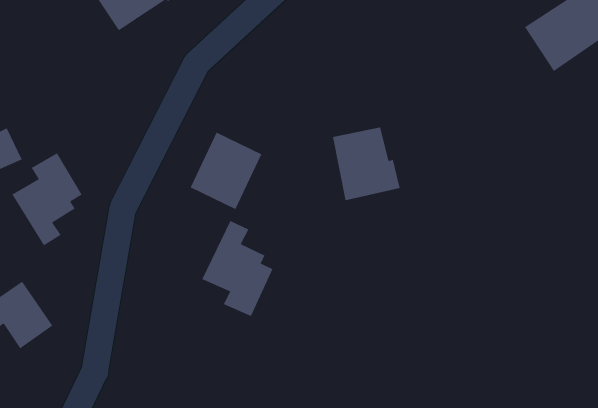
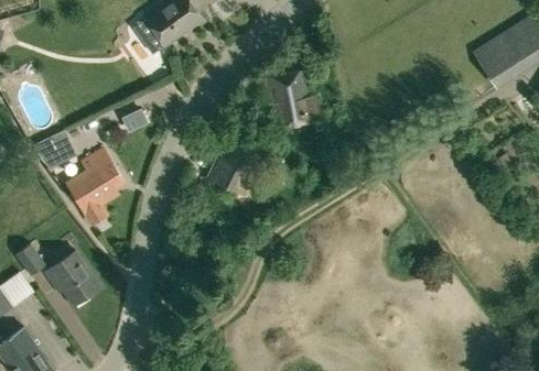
building: [332,127,400,201] -> [265,72,319,130]
building: [202,220,273,317] -> none

